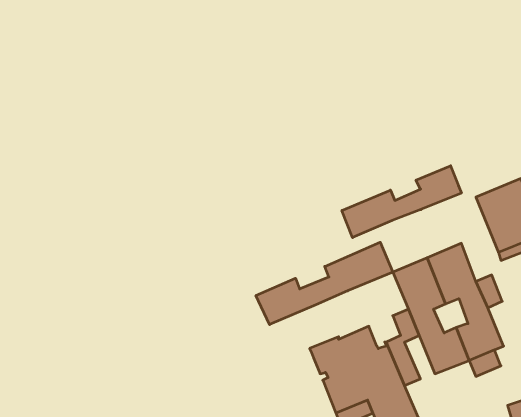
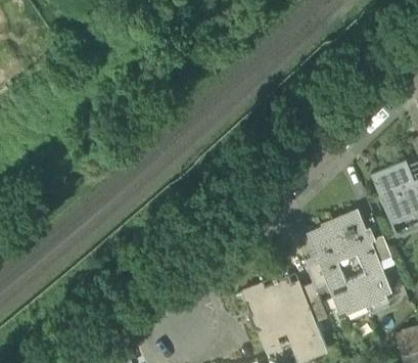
building: [342,166,461,238] -> none
building: [256,242,393,325] -> none

